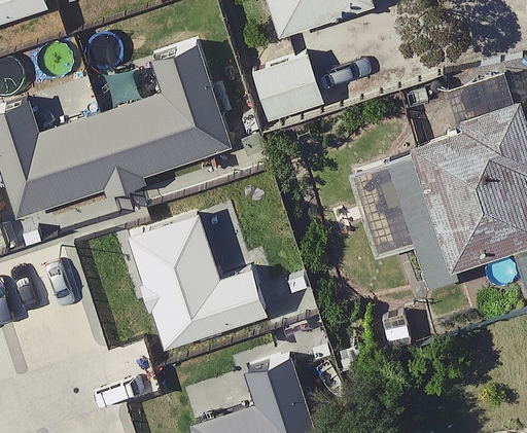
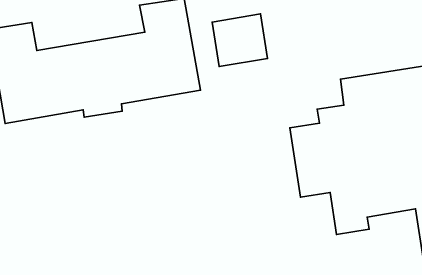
building: [138,211,279,347] -> none

